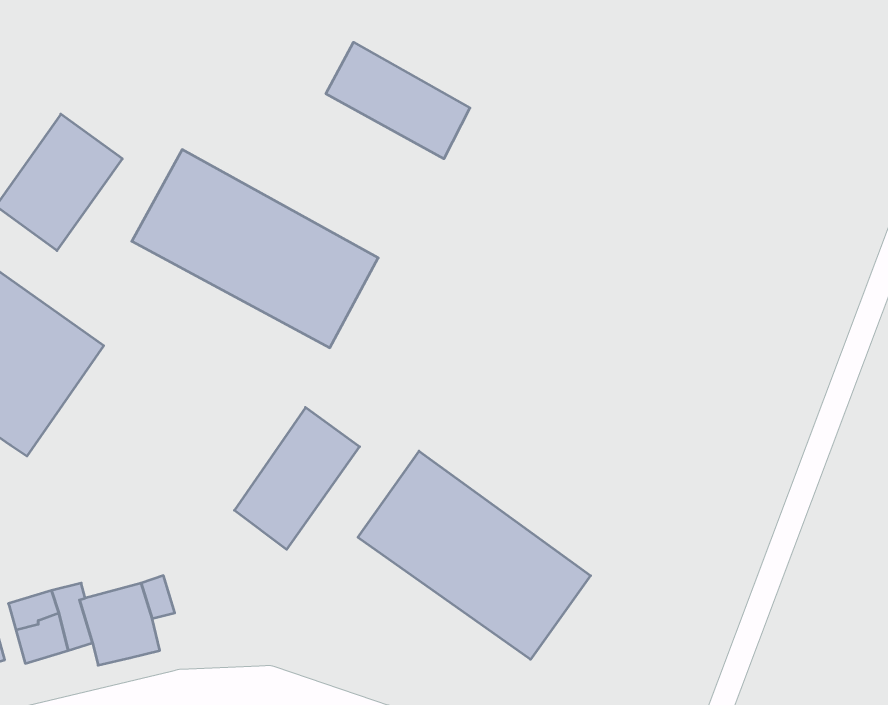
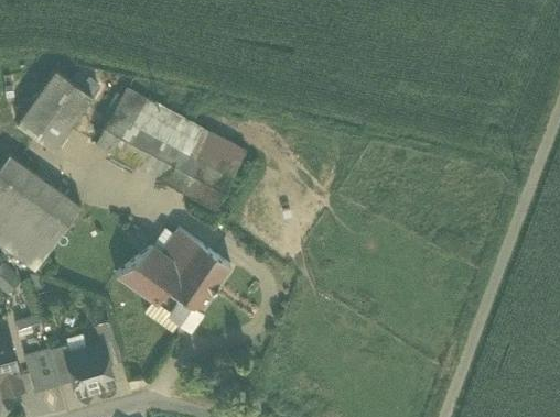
building: [326,42,470,159] -> none
building: none -> [116,227,200,301]
building: [358,451,591,659] -> none

